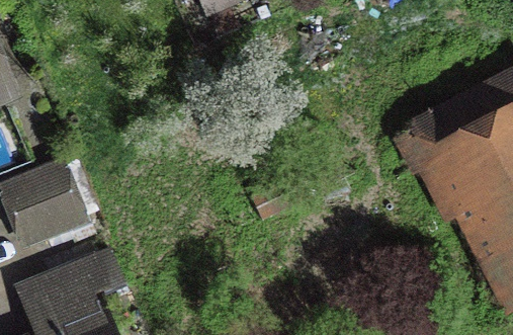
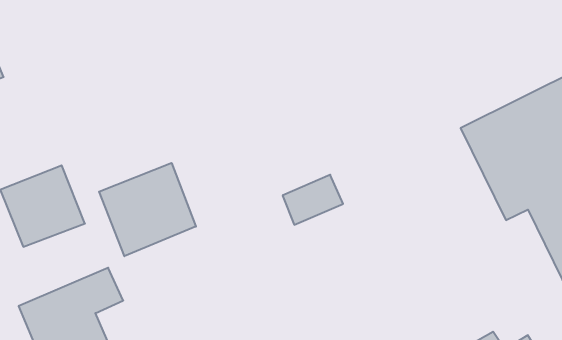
building: none -> [99,163,196,256]

